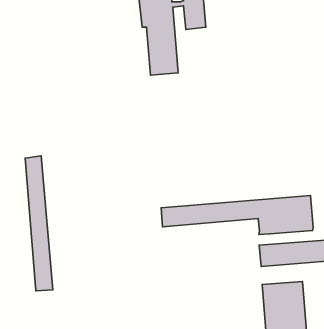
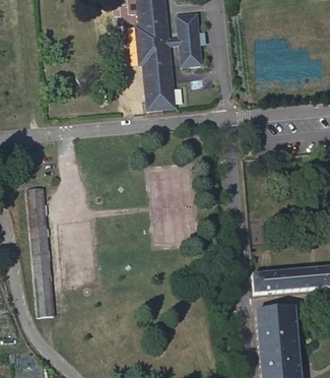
building: [161,196,313,235] -> none

